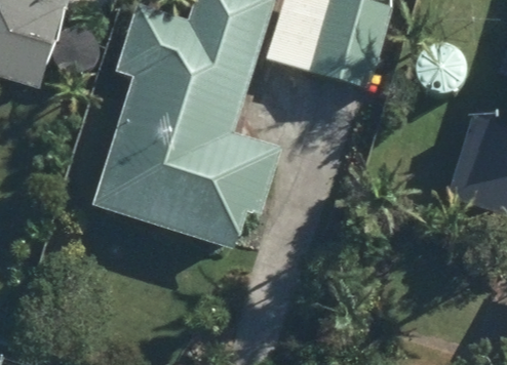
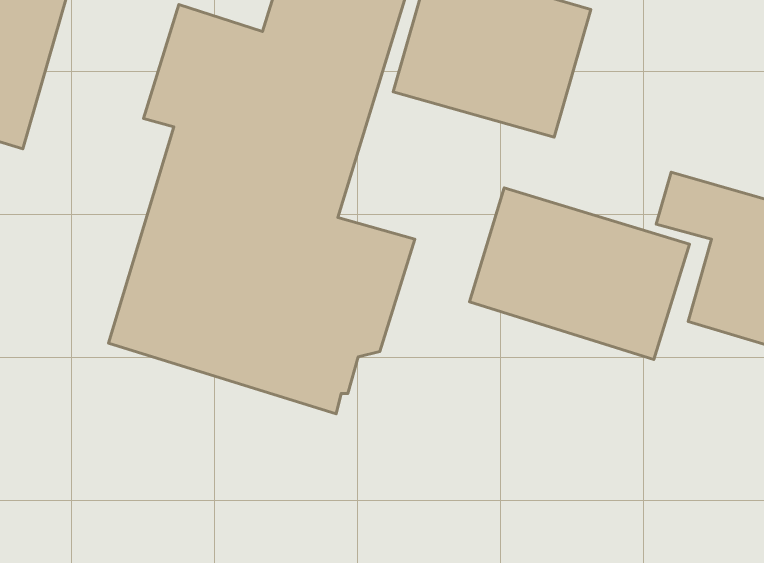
building: none -> [469,188,689,359]

